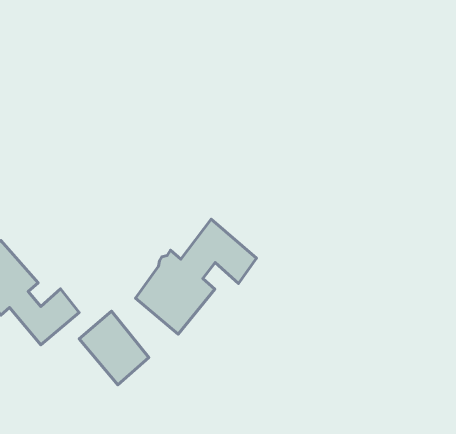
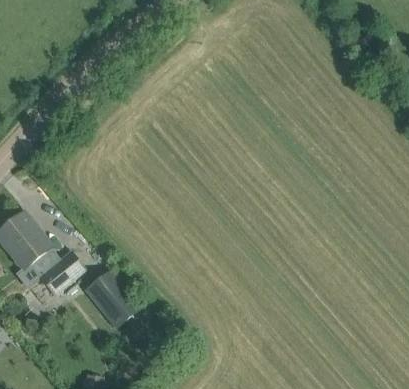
building: [136,219,257,334] -> none

